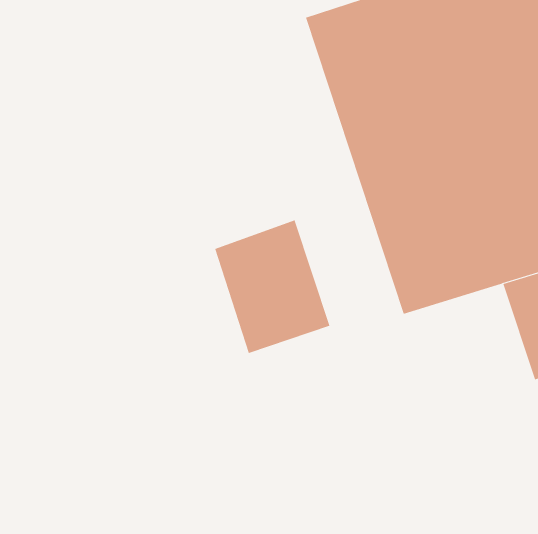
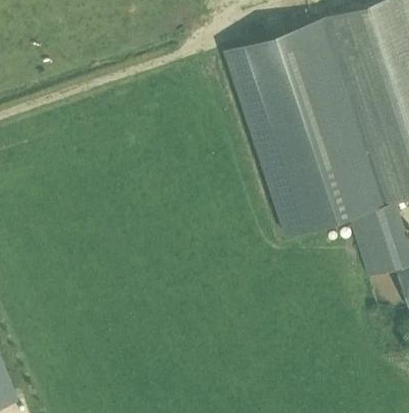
building: [214,220,330,354] -> none

